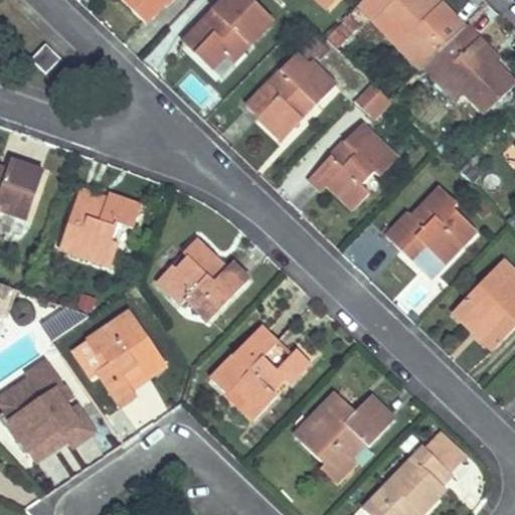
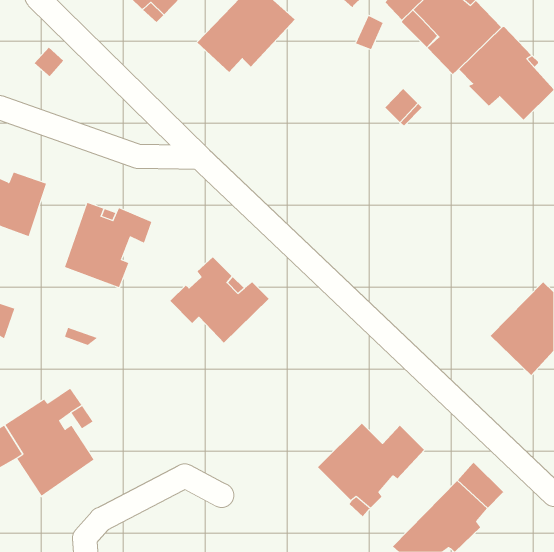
building: [247,34,334,139] -> none
building: [307,122,397,209] -> none
building: [385,185,474,262] -> none
building: [85,309,166,405] -> none
building: [210,326,309,417] -> none

